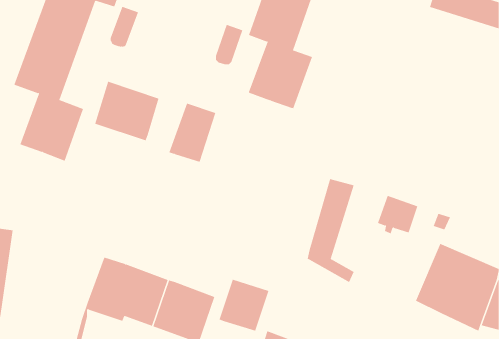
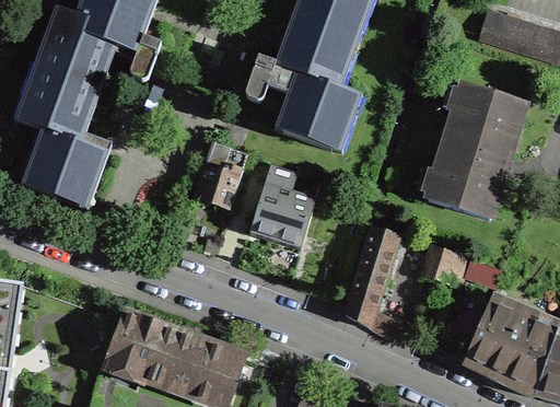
building: none -> [428,84,525,219]
building: [94,81,159,141] -> none
building: none -> [249,163,315,248]
building: [219,279,269,331] -> none

